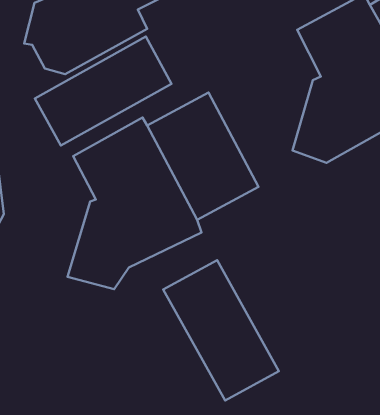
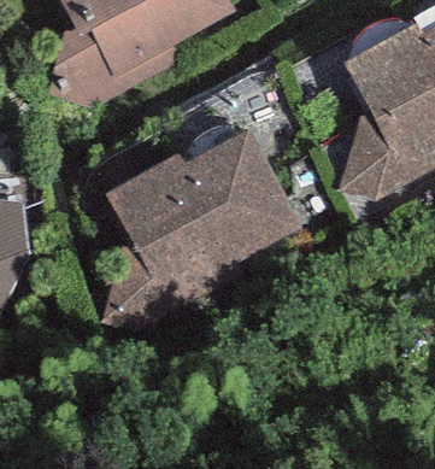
building: [35,37,172,146] -> none
building: [163,260,279,401] -> none

